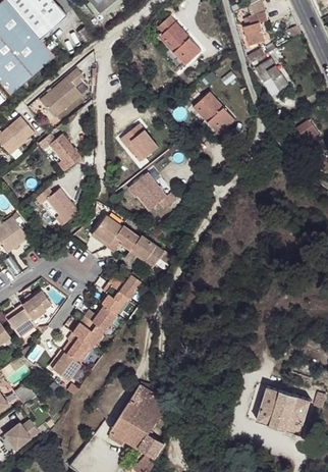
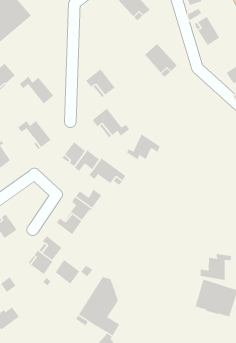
building: [40,67,83,117] -> none
building: none -> [126,133,160,160]
building: [21,291,51,319] -> none
building: [72,315,104,347] -> [55,259,80,285]
building: none -> [200,253,231,281]

